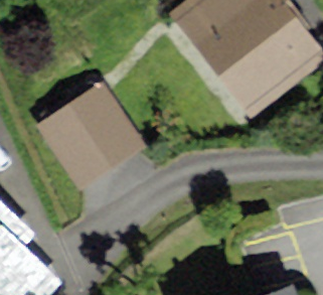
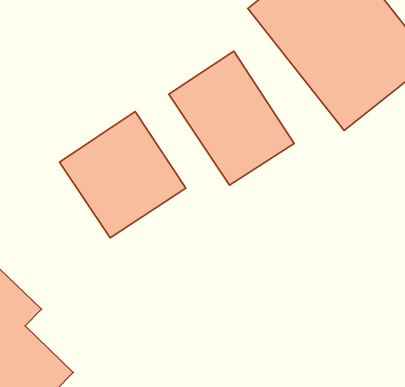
building: none -> [169,51,294,185]

